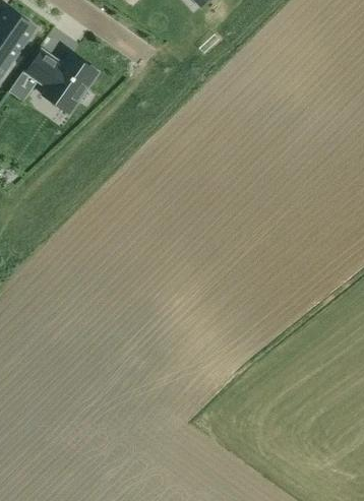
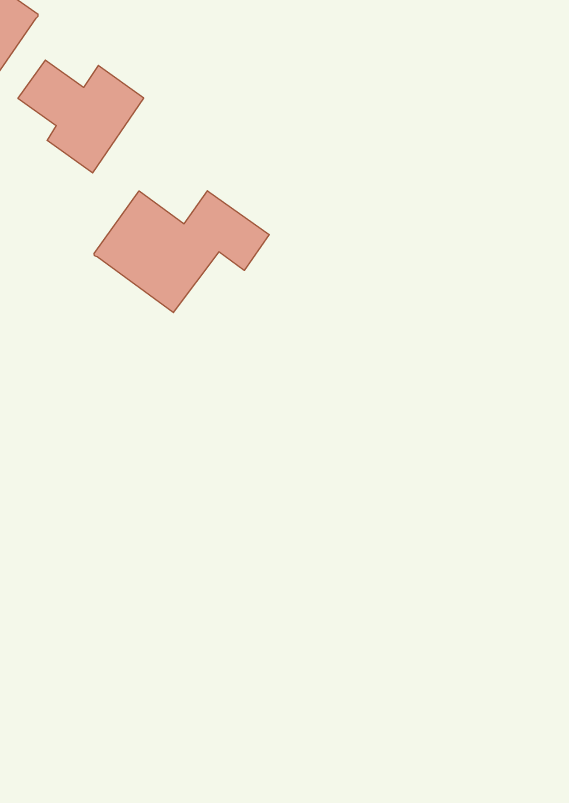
building: none -> [94,191,269,313]

